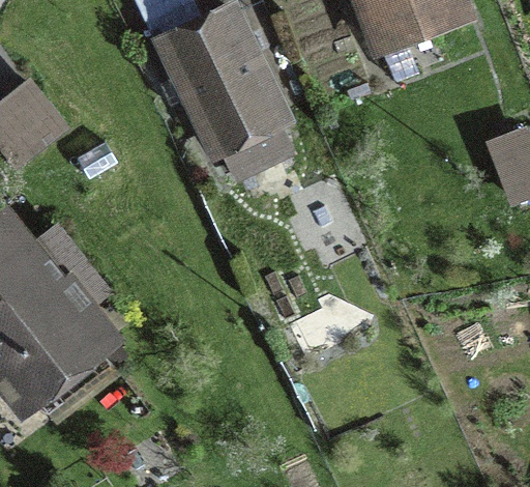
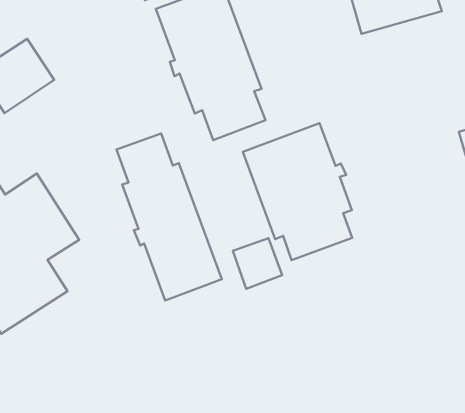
building: none -> [243,123,352,260]
building: none -> [116,133,222,300]

